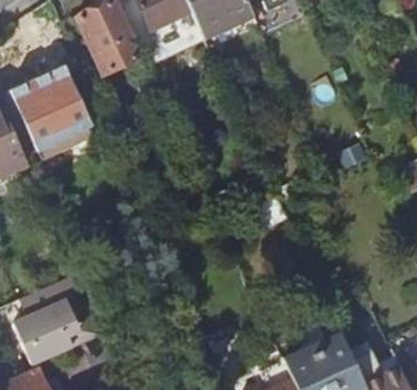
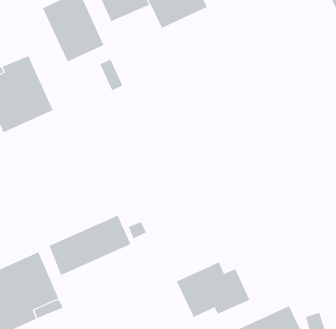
building: none -> [49,215,131,276]
building: none -> [176,262,250,318]

